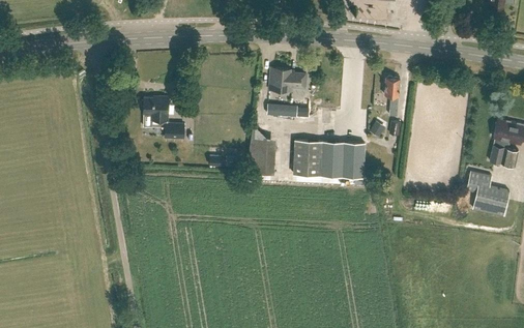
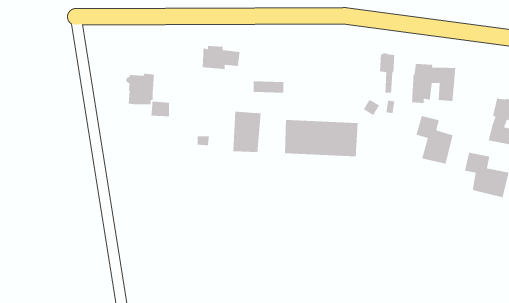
building: [270,68,308,92] -> [202,45,241,70]
building: none -> [411,63,456,104]
building: none -> [416,115,453,165]

